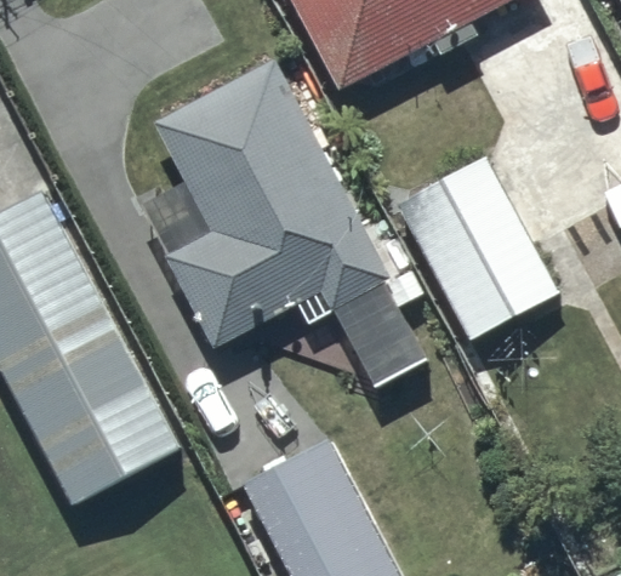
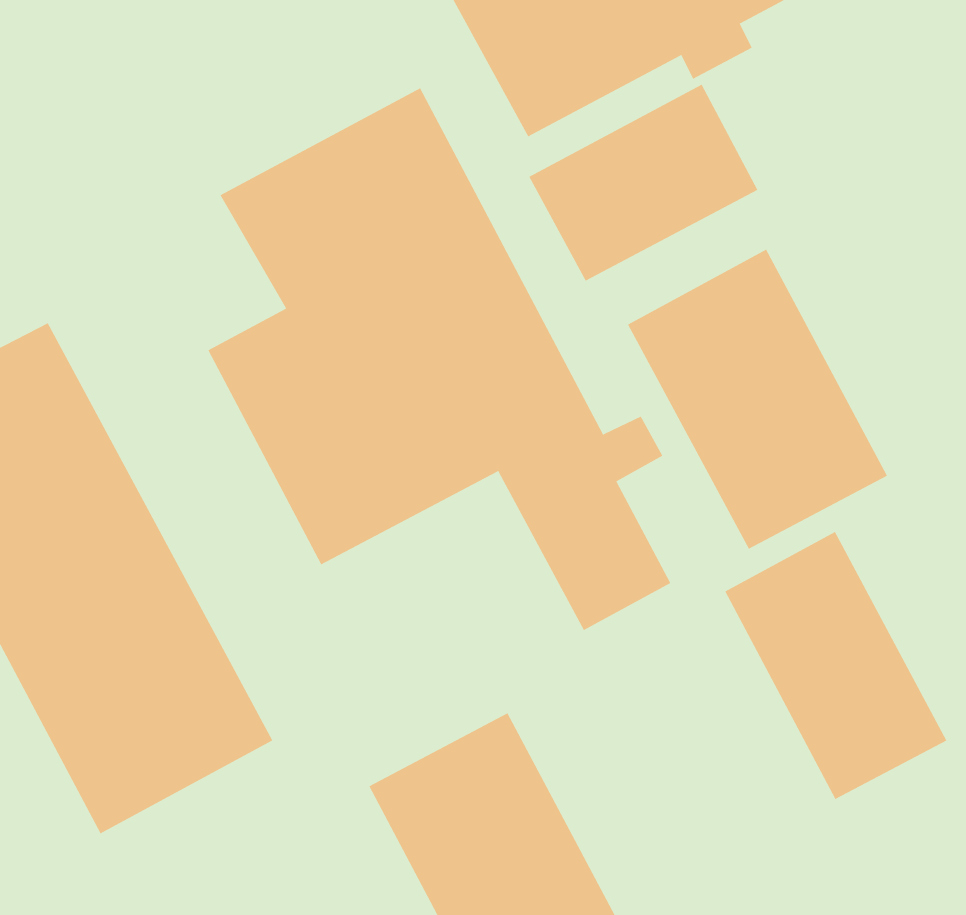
building: none -> [529,84,758,282]
building: none -> [724,531,947,800]

